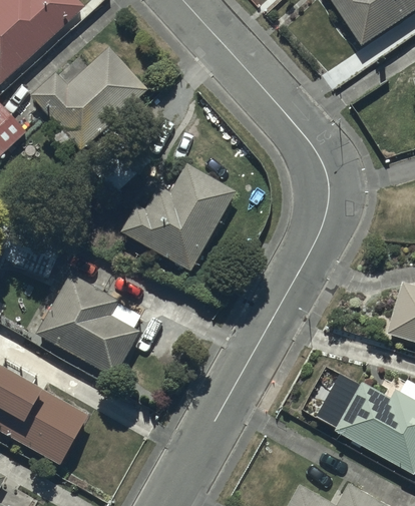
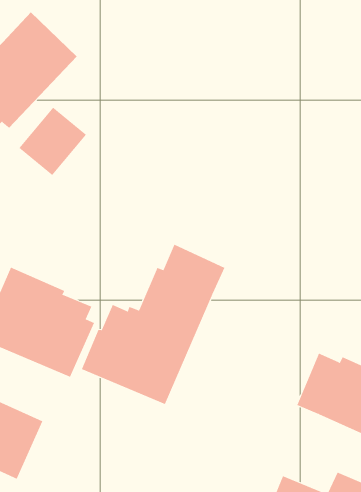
building: [121,164,235,271] -> none
building: none -> [81,244,225,405]

